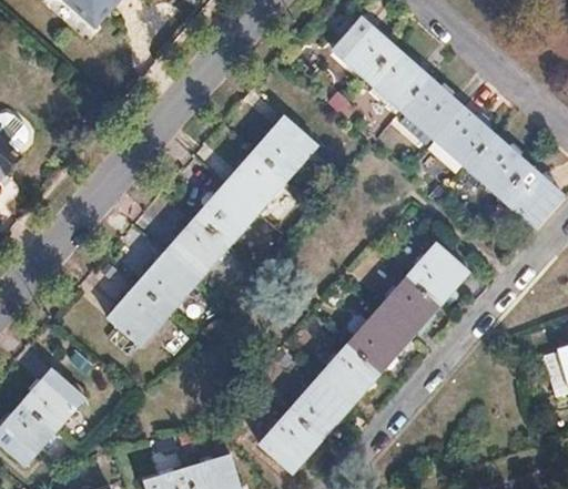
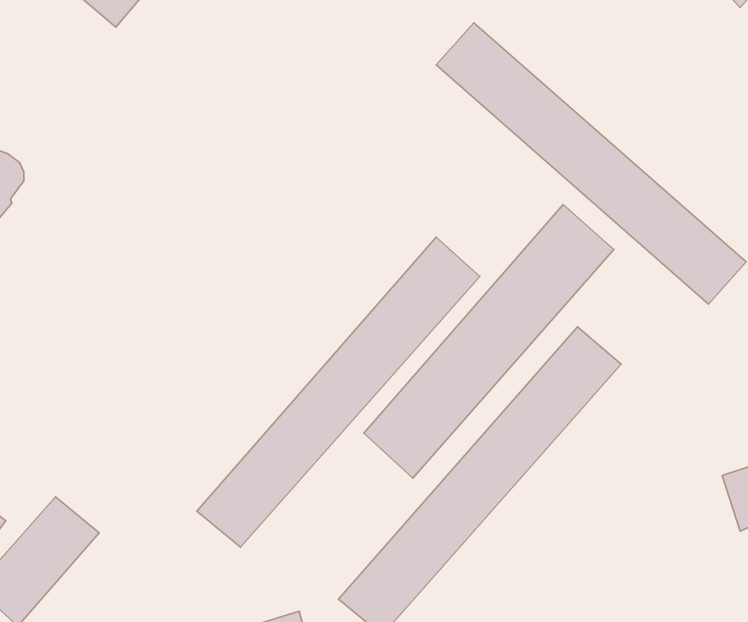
building: [108,116,316,345] -> [197,237,480,547]
building: none -> [364,204,614,478]

